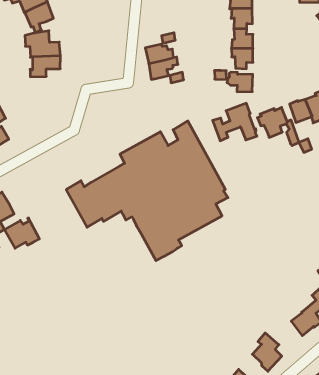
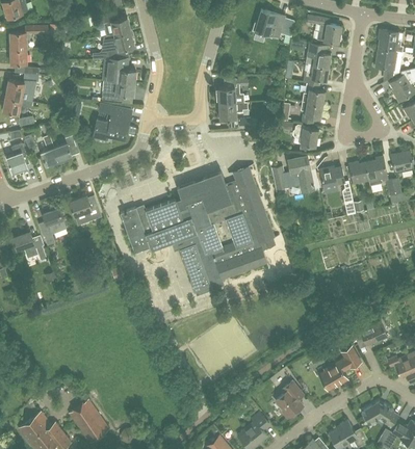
building: none -> [94,104,132,138]
building: [5,218,39,248] -> [70,194,102,221]

